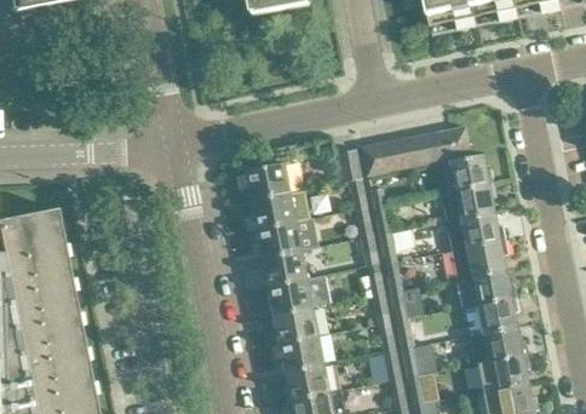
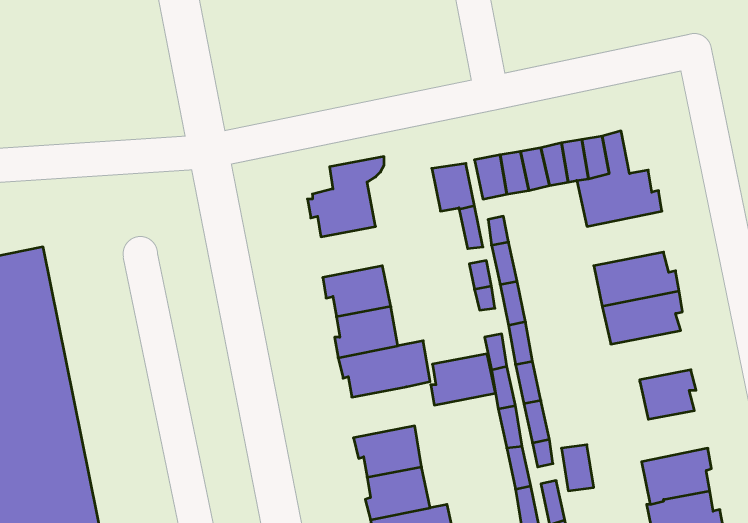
building: [441,182,498,220] -> none
building: [249,192,295,229] -> none
building: [458,266,515,305] -> none
building: [272,306,318,343] -> [431,354,496,405]
building: [469,323,527,361] -> none

